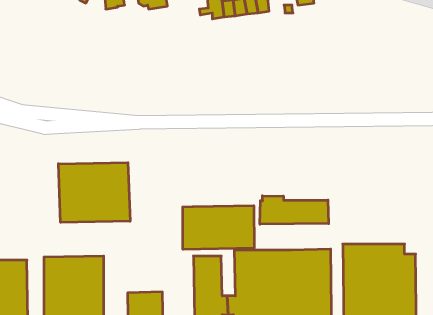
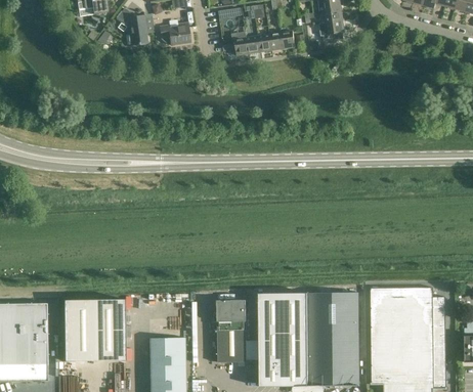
building: [58,163,130,222] -> none
building: [260,196,329,224] -> none
building: [183,206,254,249] -> none

